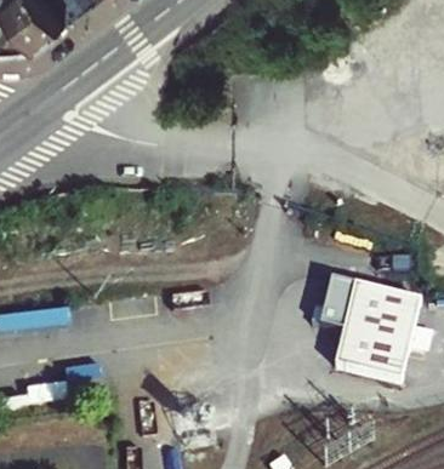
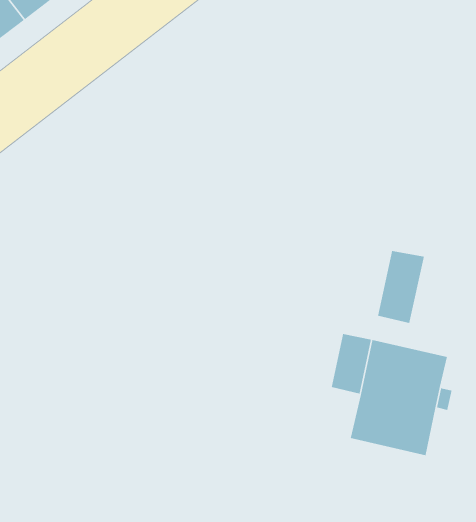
building: none -> [377,250,425,324]

